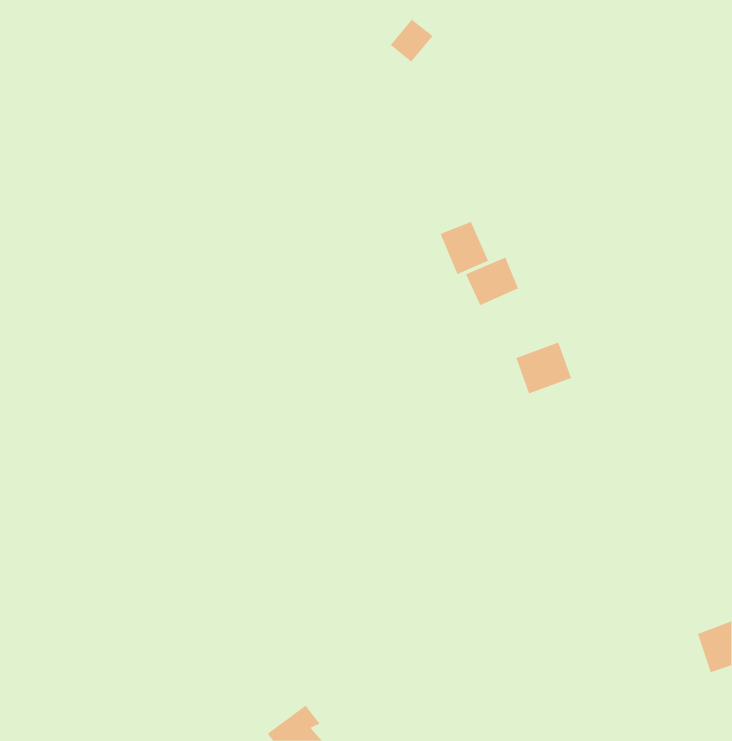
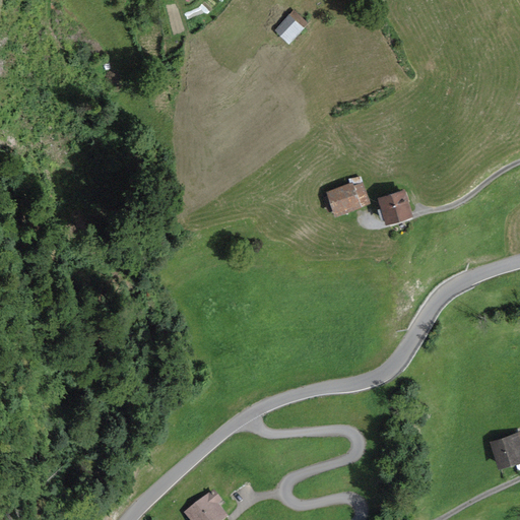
building: [440,221,489,275] -> none
building: [515,342,572,394] -> [378,187,417,223]

